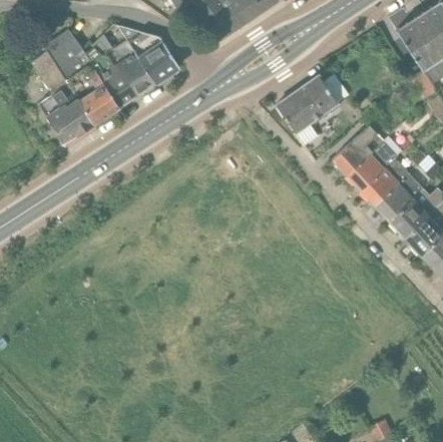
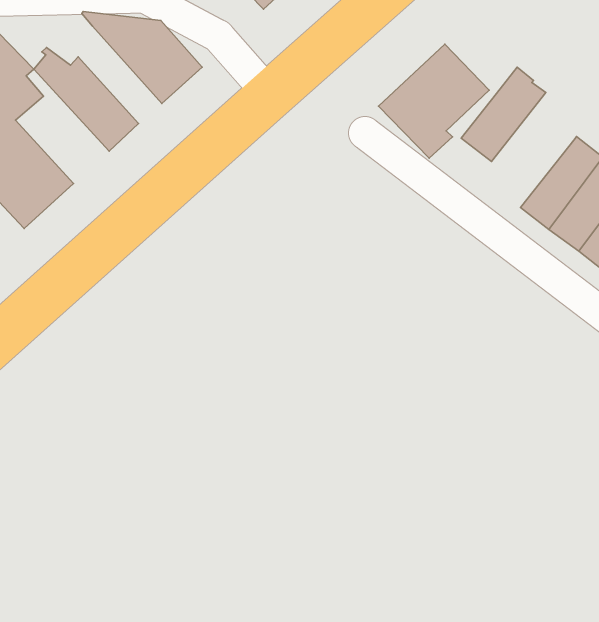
building: [93,34,153,93] -> none
building: [69,53,119,121] -> none
building: [332,124,384,175] -> [461,67,546,162]

